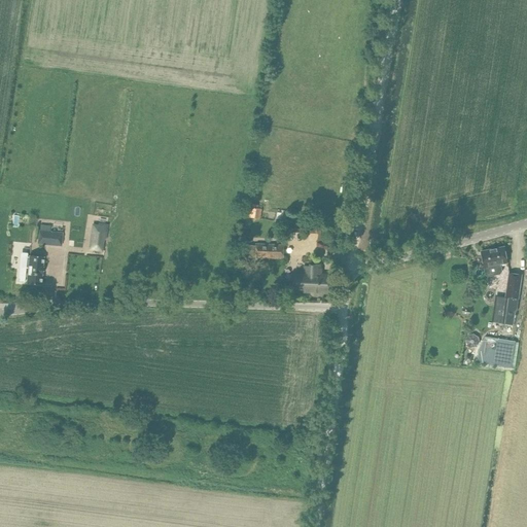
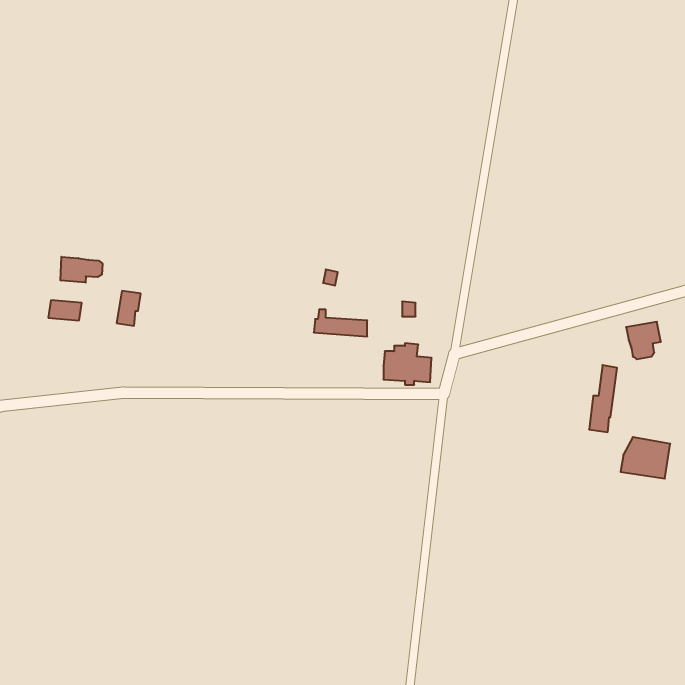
building: none -> [60,257,102,283]
building: [27,255,43,284] -> none
building: [499,273,521,324] -> [589,365,617,432]

